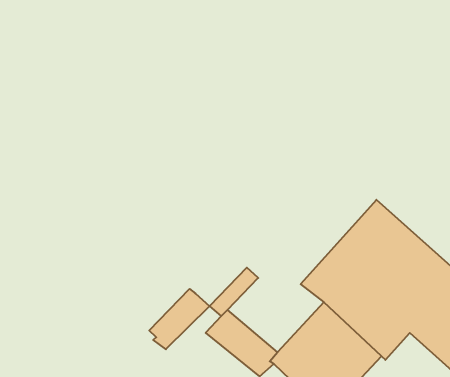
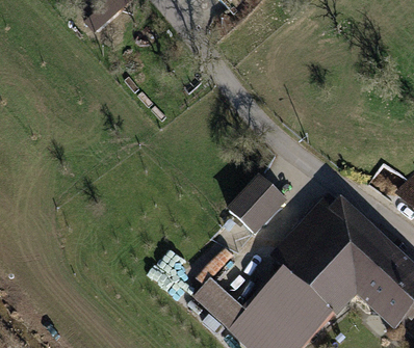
building: none -> [227,175,286,235]
building: [149,289,209,349] -> none

